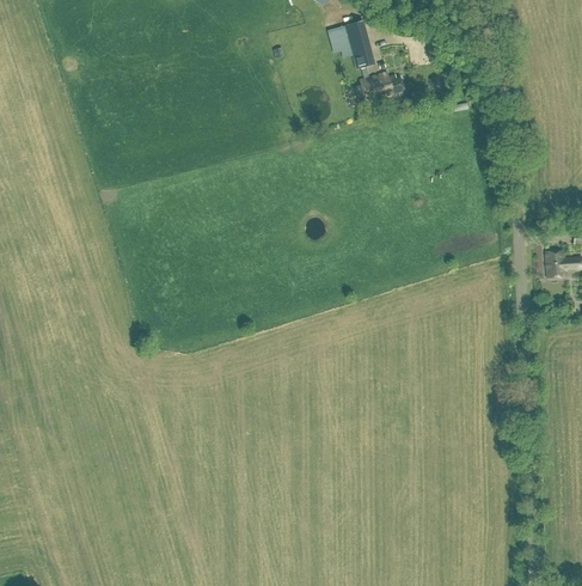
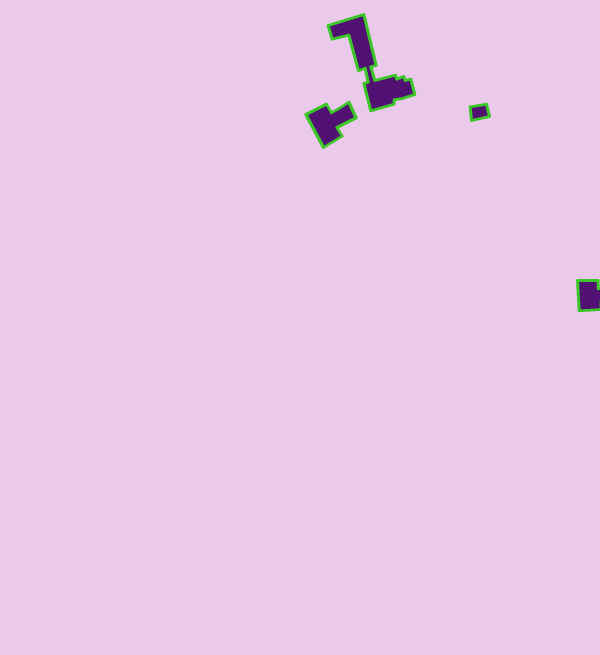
building: none -> [306,102,356,148]

